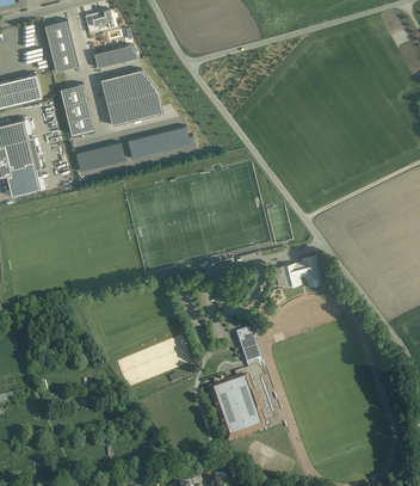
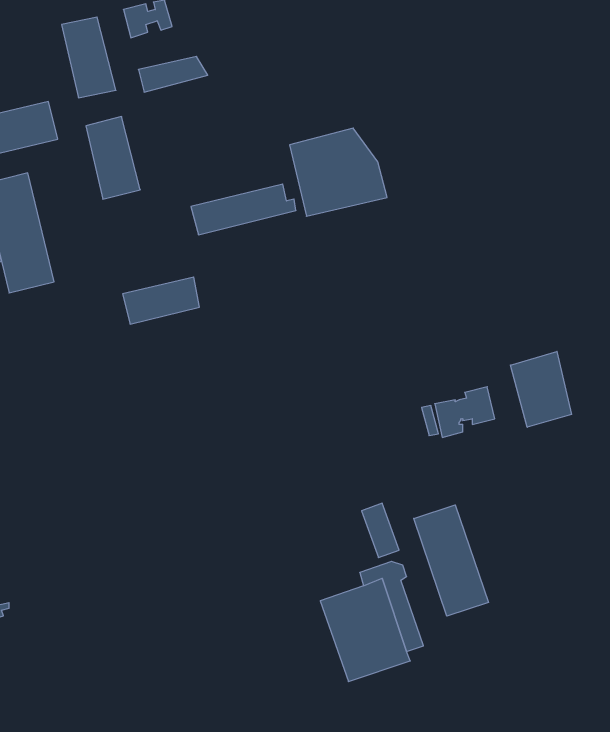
building: [100,68,162,124] -> [290,128,387,216]
building: [75,141,124,171] -> [123,277,199,324]
building: none -> [510,351,572,427]
building: none -> [414,505,489,616]

